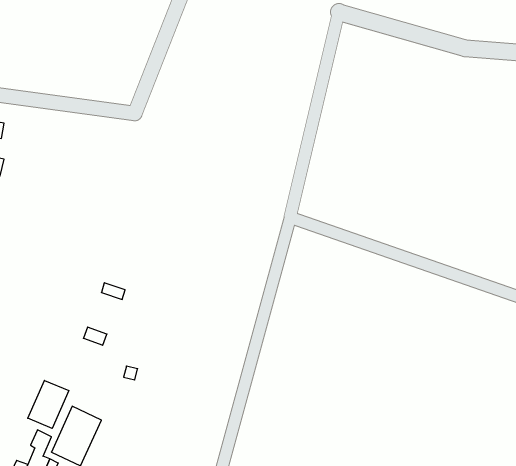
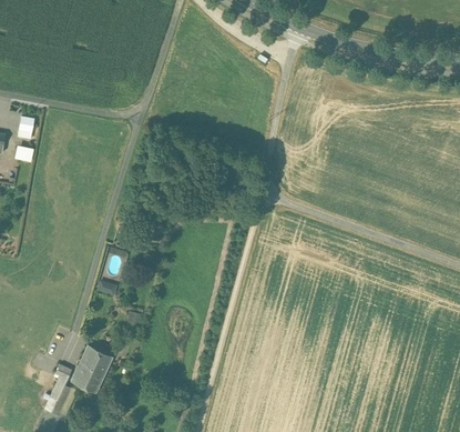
building: [28,380,69,428] -> none

